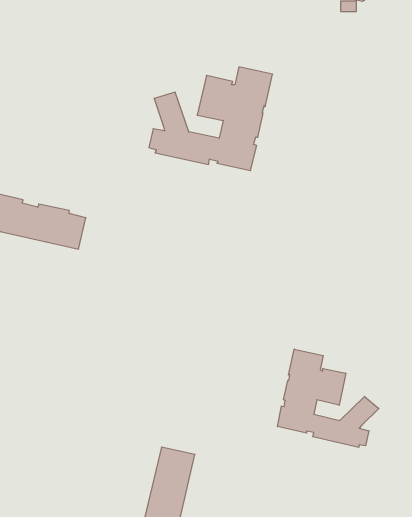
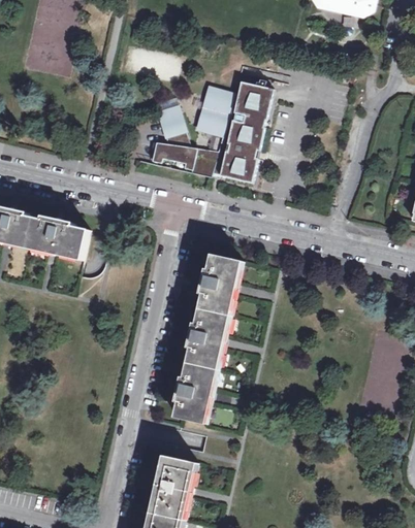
building: none -> [174,254,243,423]
building: [277,349,379,447] -> none

